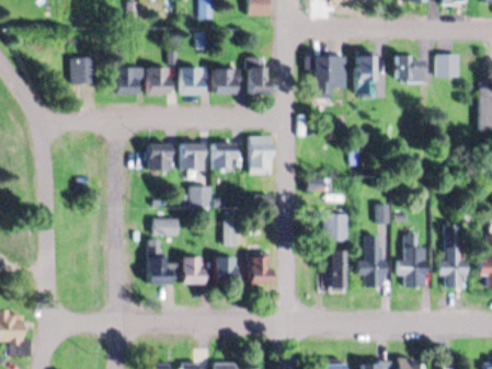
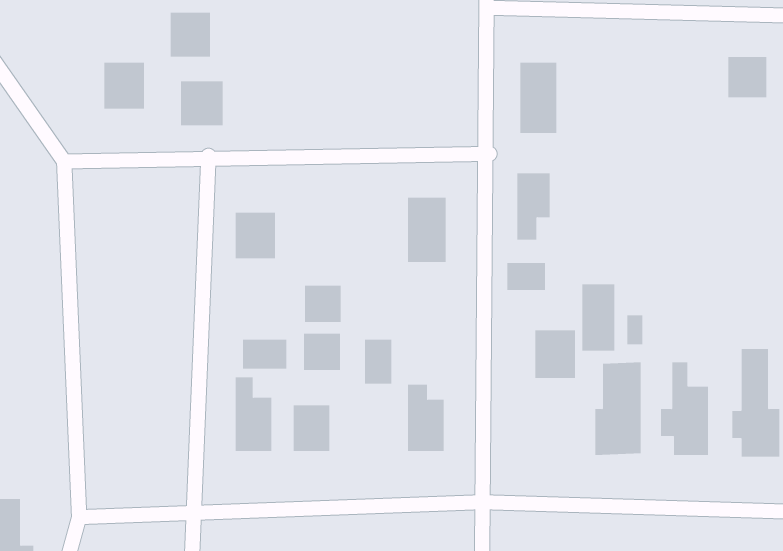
building: [357,57,377,96] -> [517,173,550,240]
building: [398,57,425,81] -> none
building: [249,58,270,95] -> none
building: [147,68,171,94] -> [170,12,211,57]
building: [180,69,204,94] -> none
building: [214,70,239,94] -> none
building: [180,143,204,172] -> none
building: [213,145,238,170] -> none
building: [325,252,345,291] -> [581,284,615,351]
building: [215,258,237,280] -> [303,333,341,371]

